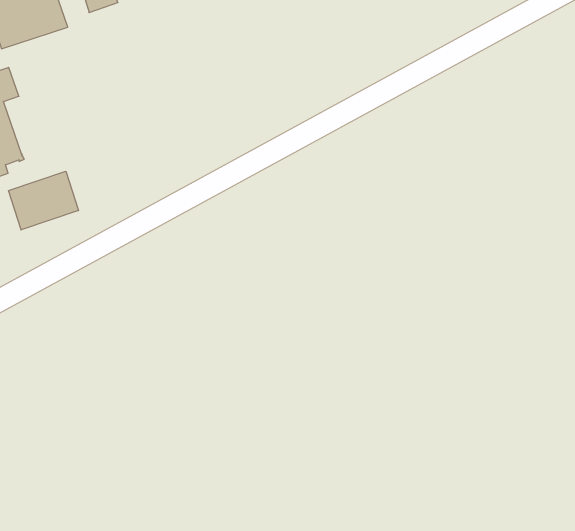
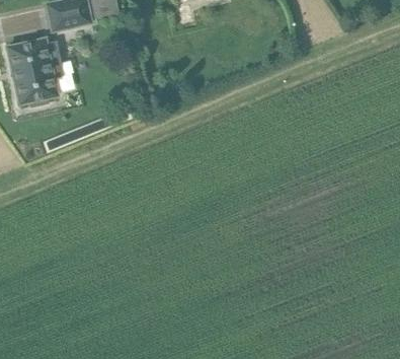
building: [9,171,78,230] -> none

